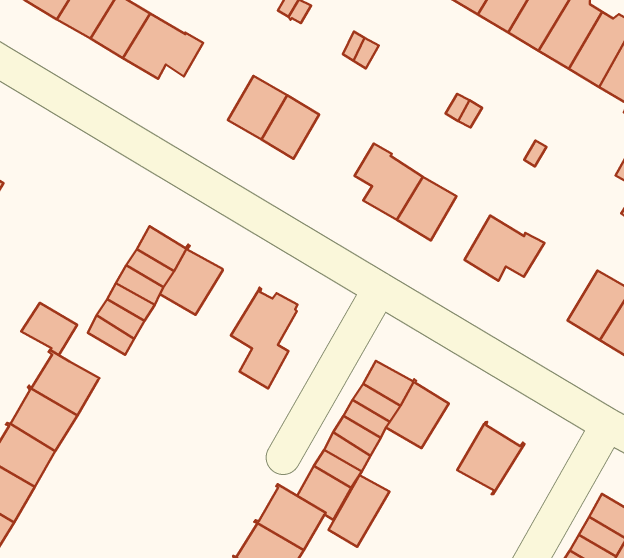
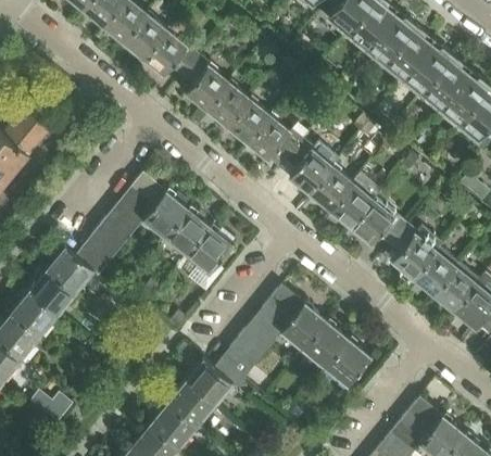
building: none -> [181,56,228,111]
building: none -> [247,116,302,161]
building: none -> [330,185,373,228]
building: none -> [389,225,442,279]
building: none -> [165,208,210,255]
building: [21,303,77,355] -> [76,239,114,276]
building: none -> [303,320,348,368]
building: [328,475,390,547] -> none

